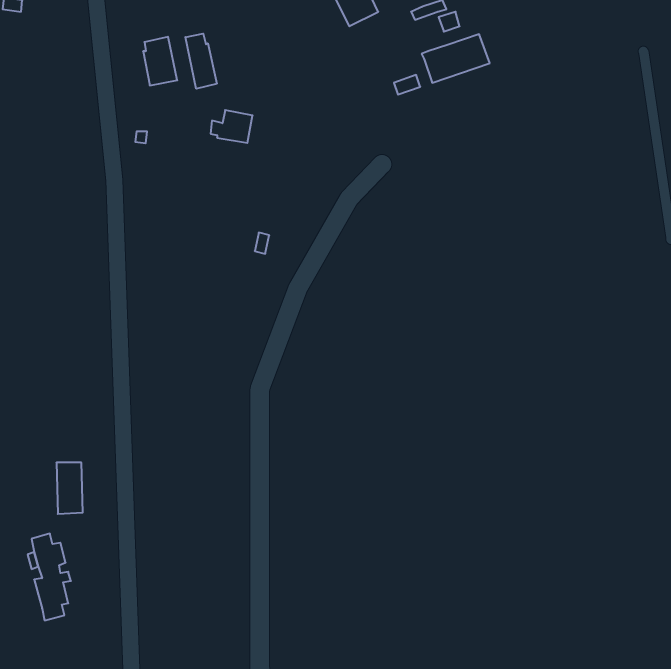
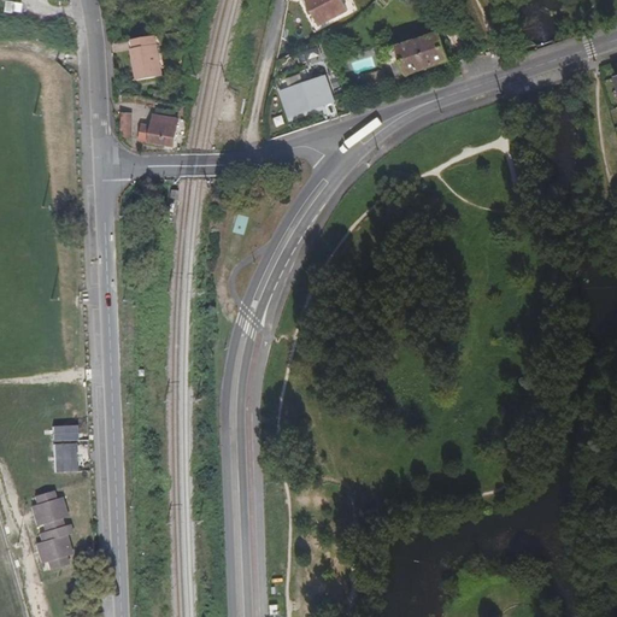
building: [185,34,217,89] -> none
building: none -> [283,75,337,116]
building: [211,110,253,143] -> [141,112,180,142]

